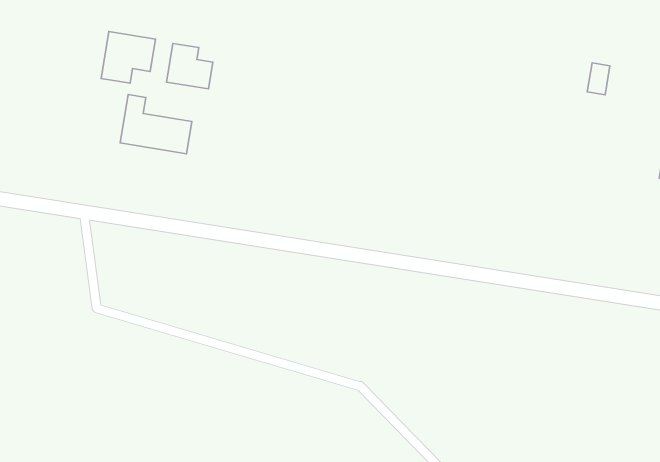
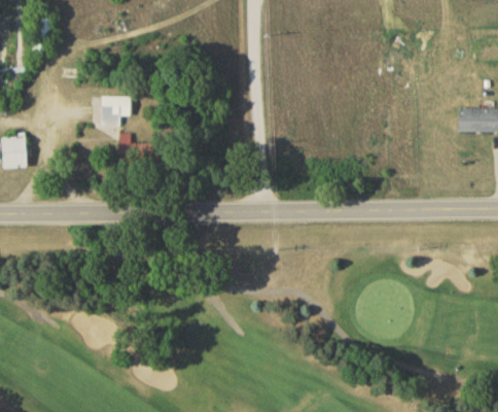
building: [167,43,213,89] -> none

